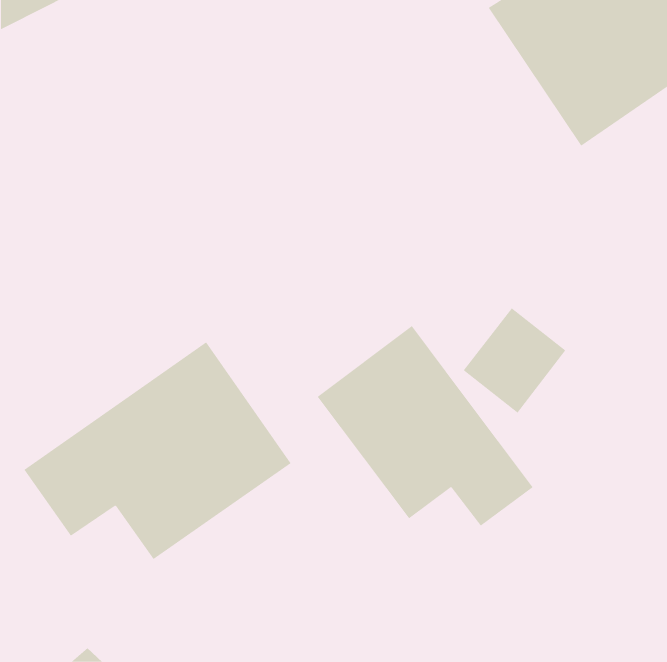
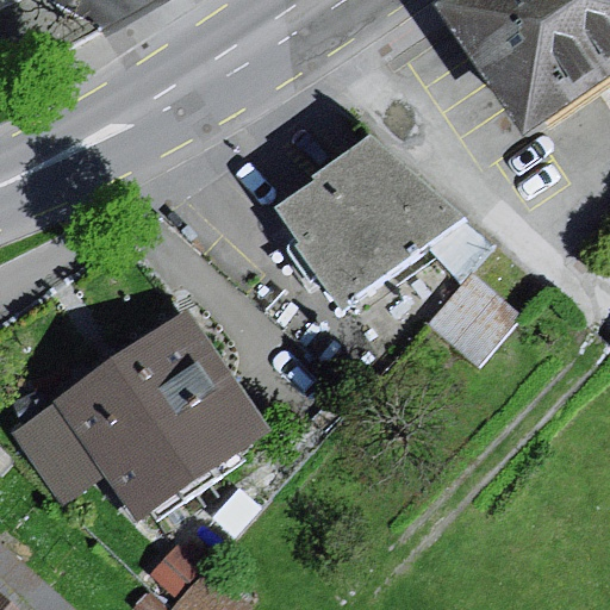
building: none -> [251,145,438,318]
building: [317,325,533,526] -> none

